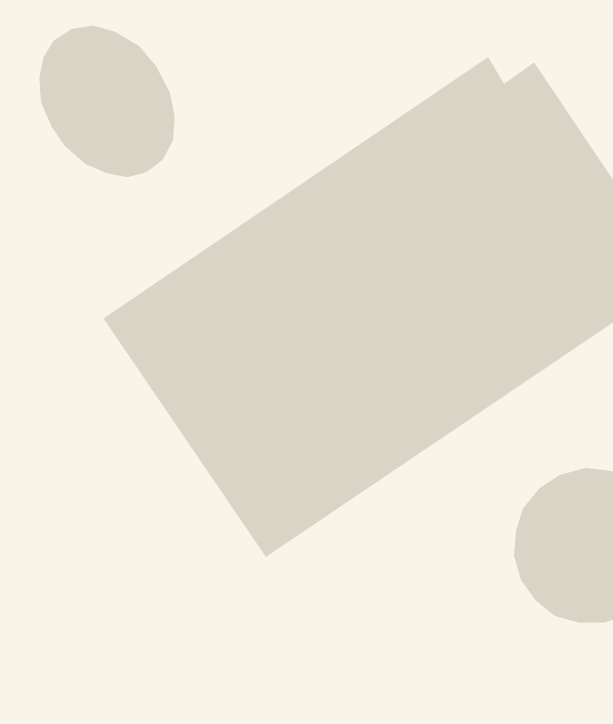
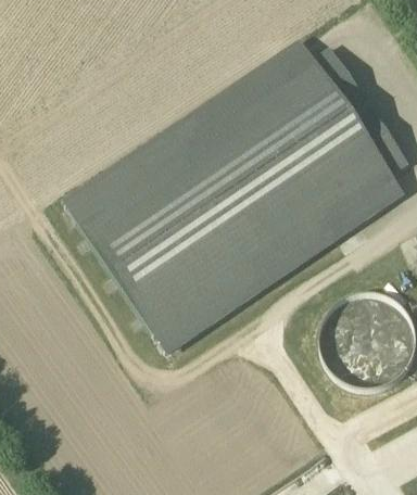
building: [39,25,175,178] -> none

